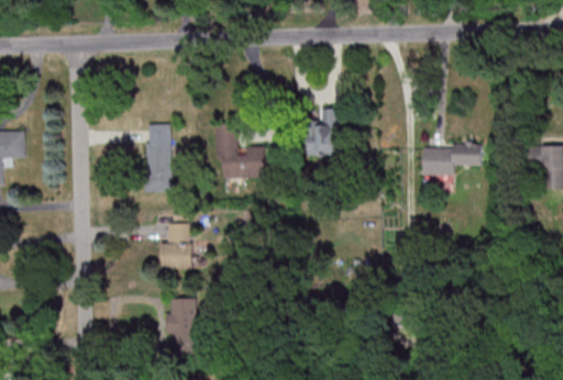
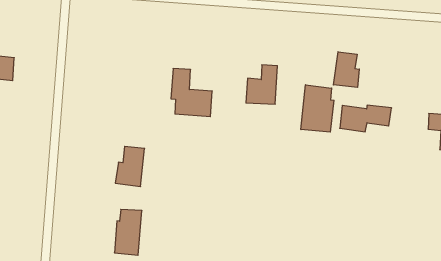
building: none -> [333,52,359,87]
building: [145,123,173,192] -> none
building: none -> [301,85,334,132]

